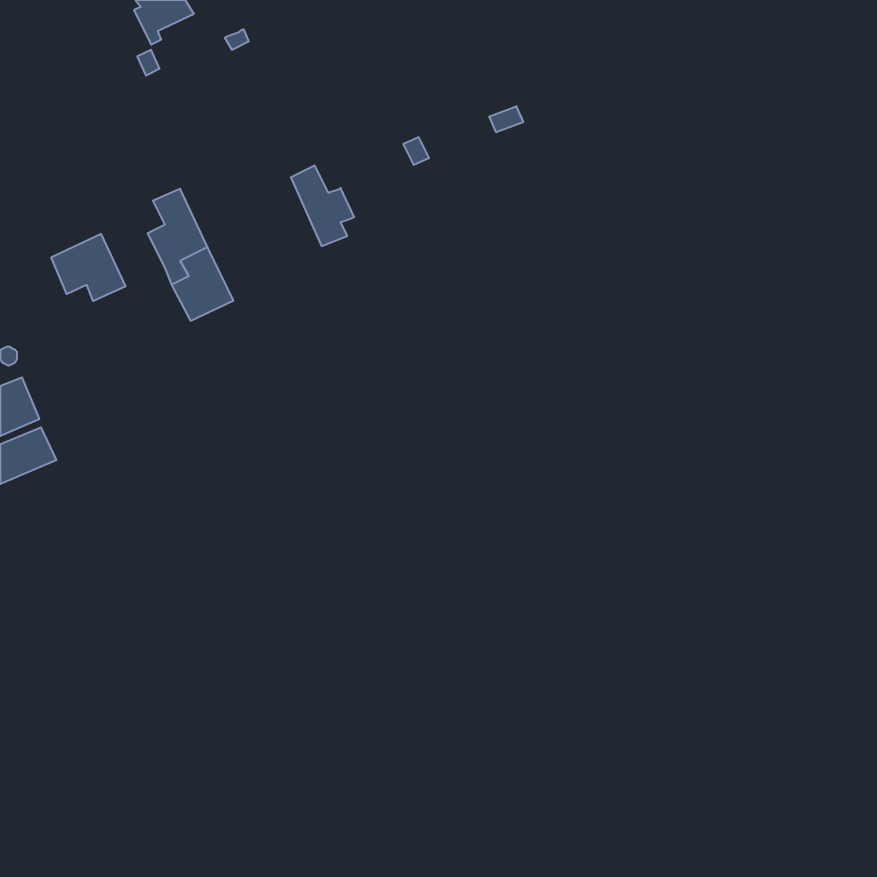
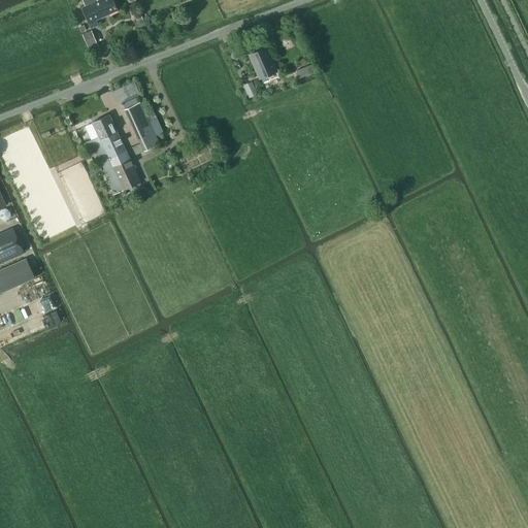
building: none -> [250,46,273,76]
building: [291,165,354,246] -> [125,101,163,150]
building: [51,234,125,301] -> none

